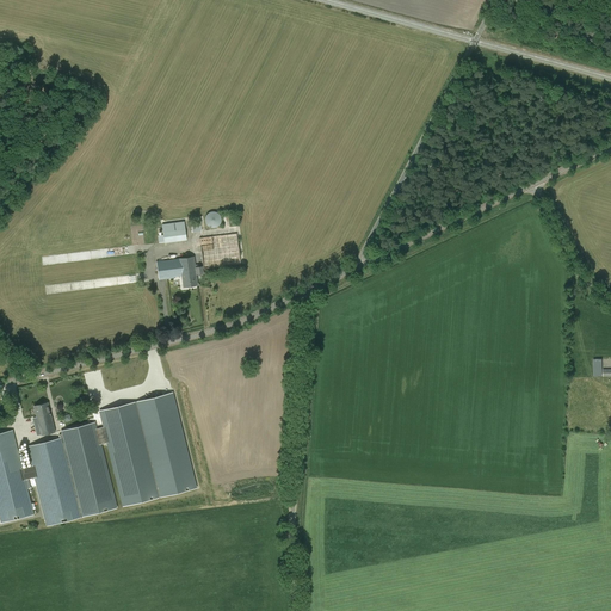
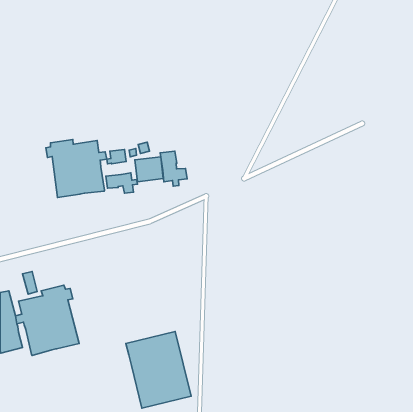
building: none -> [46,140,107,197]
building: none -> [160,151,187,186]
building: [99,391,196,505] -> [126,331,191,408]

